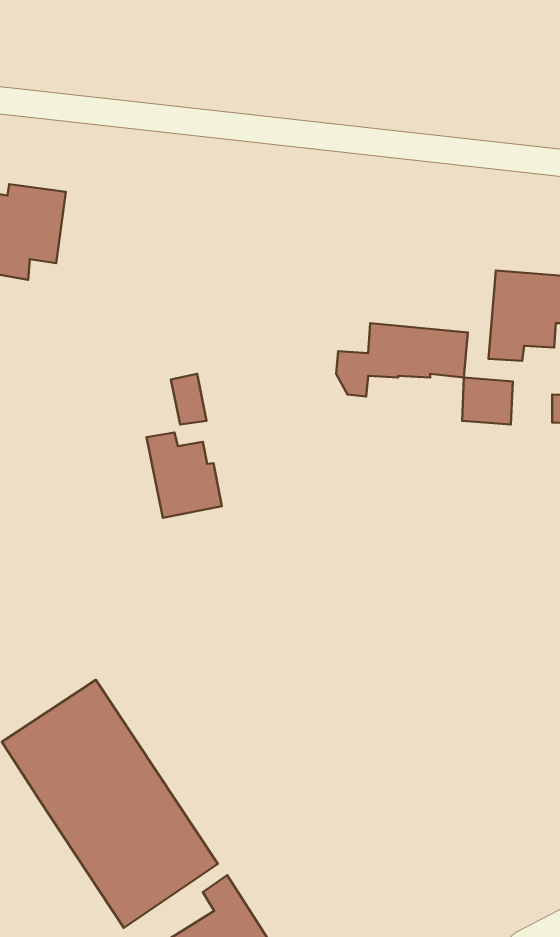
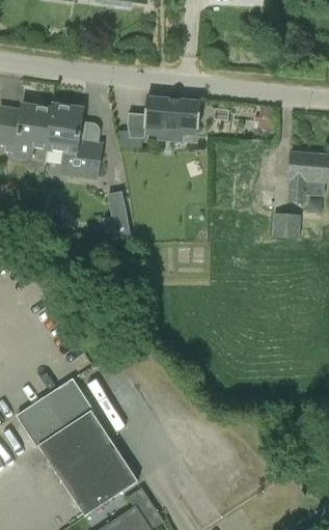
building: none -> [48,105,102,177]
building: [336,323,468,396] -> [128,97,200,138]
building: [146,432,222,518] -> none

